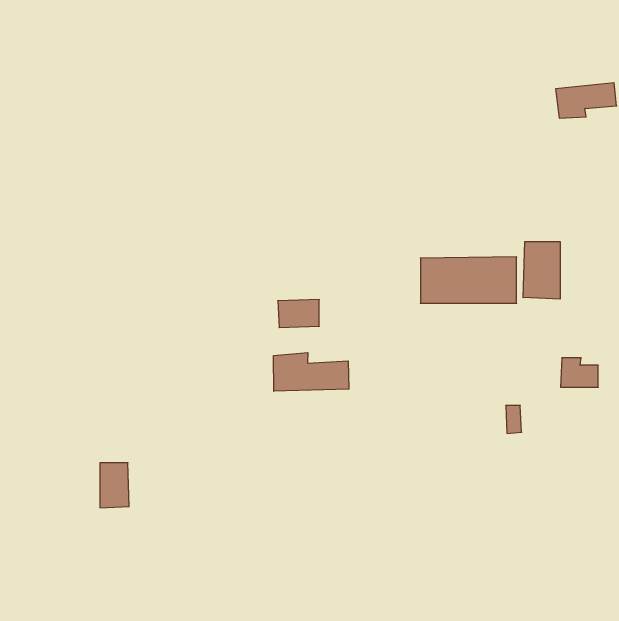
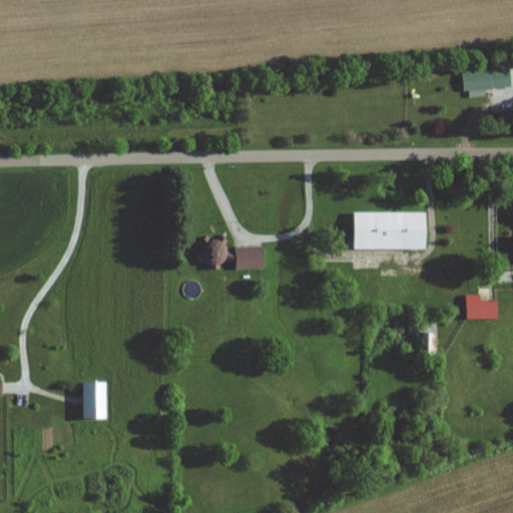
building: [523,242,560,299] -> none
building: none -> [196,237,228,269]
building: [274,353,349,391] -> none

